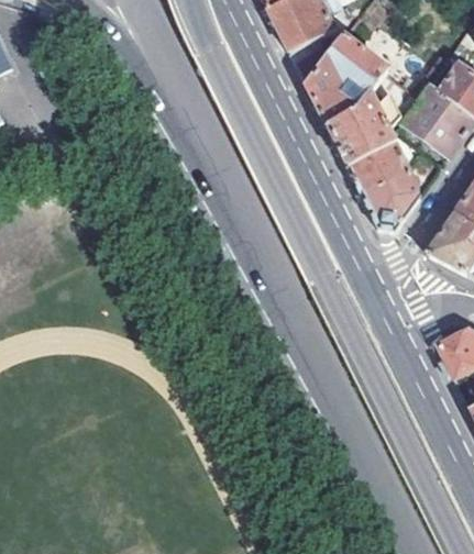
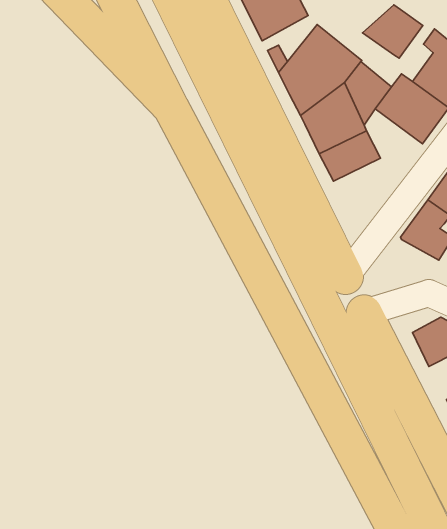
building: none -> [363,5,423,58]
building: [359,167,419,228] -> none

